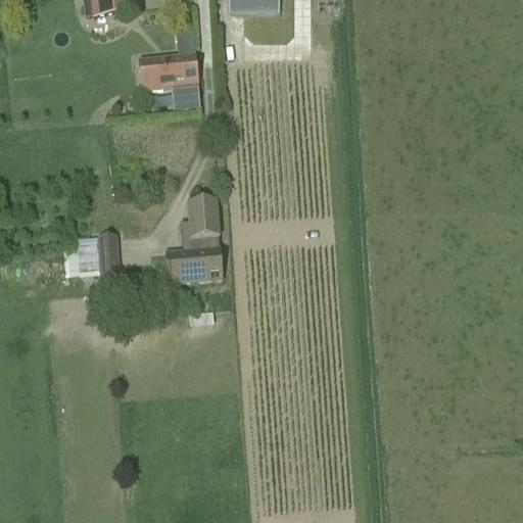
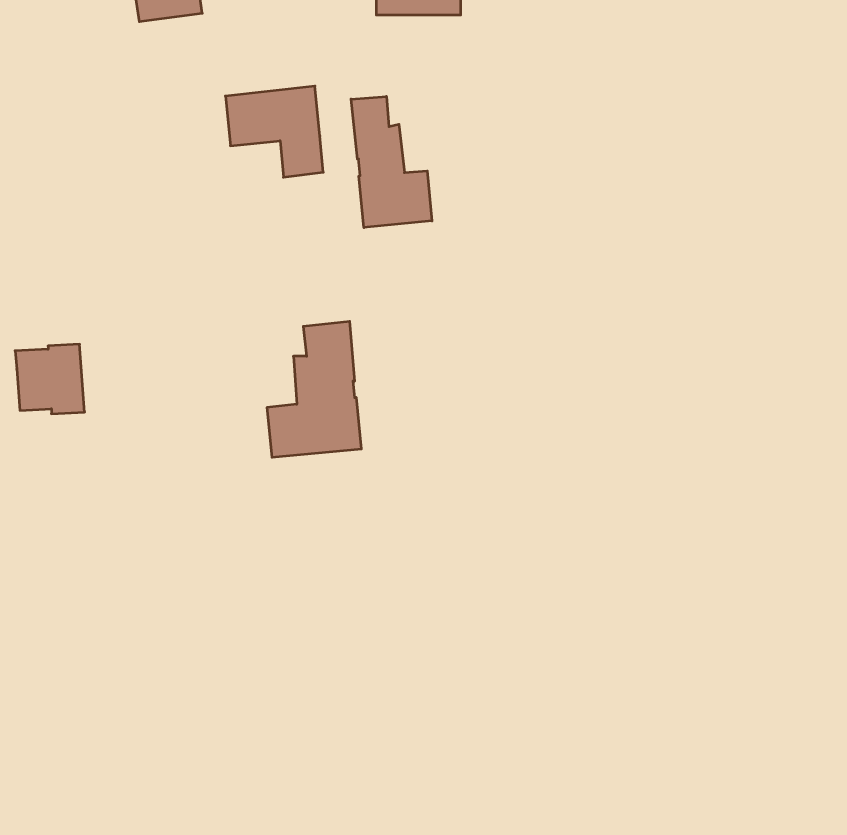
building: none -> [351,96,432,228]
building: [77,233,120,276] -> [15,344,85,414]

